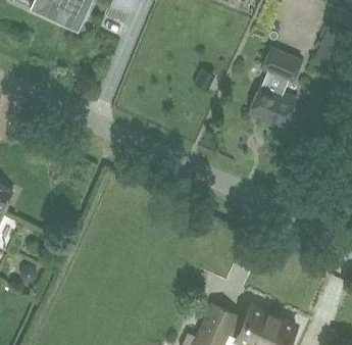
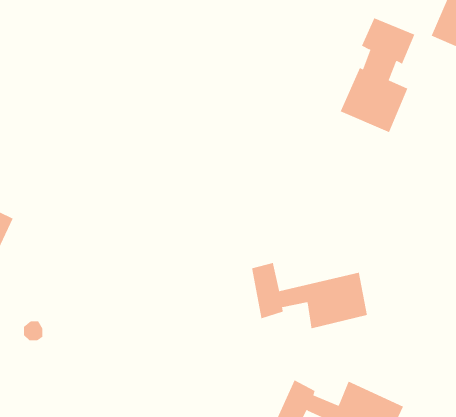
building: none -> [252,262,368,329]

